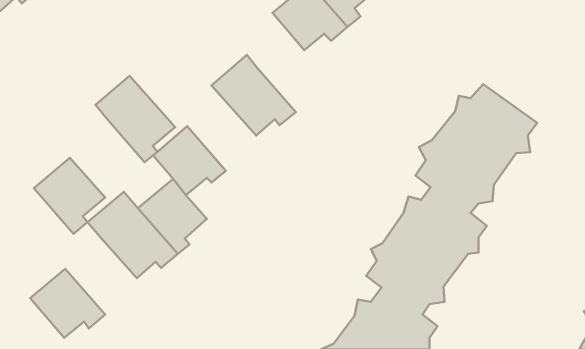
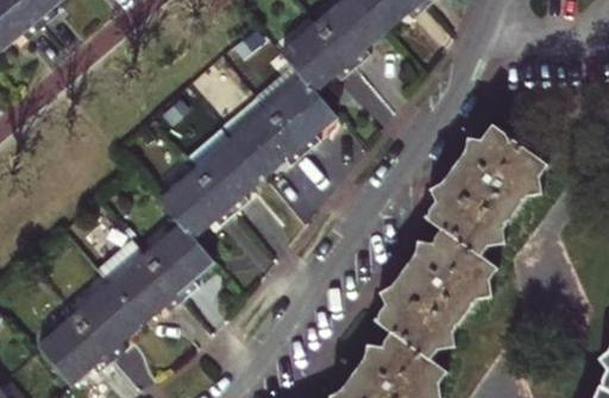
building: none -> [264,76,334,152]
building: [95,76,175,162] -> [182,124,263,211]
building: [34,158,105,234] -> [69,280,142,358]

